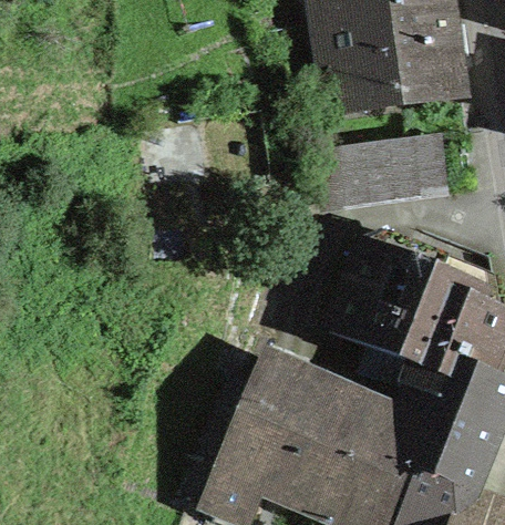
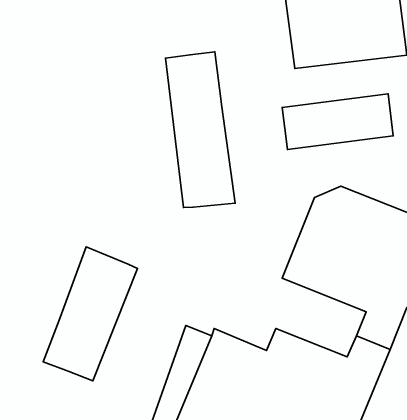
building: none -> [166,52,235,207]
building: none -> [43,247,137,381]

